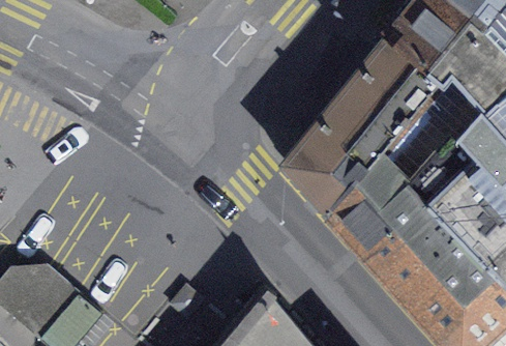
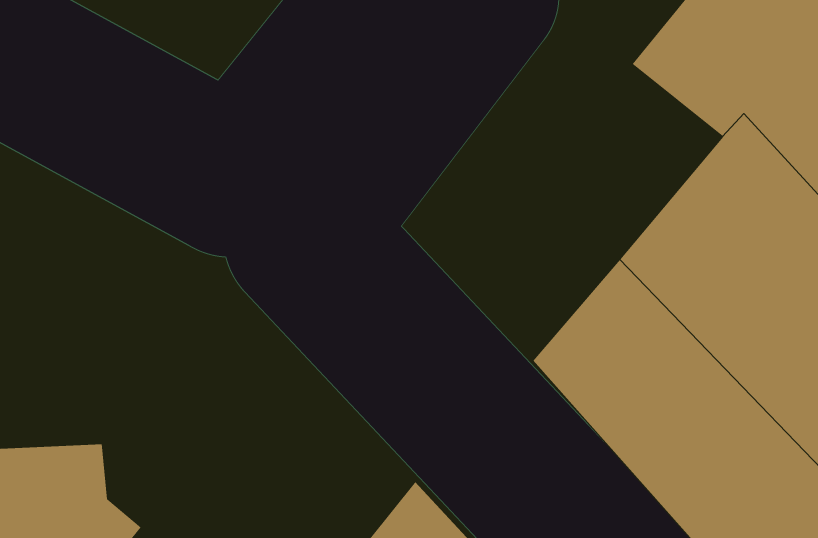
building: [284,46,441,220] -> none

